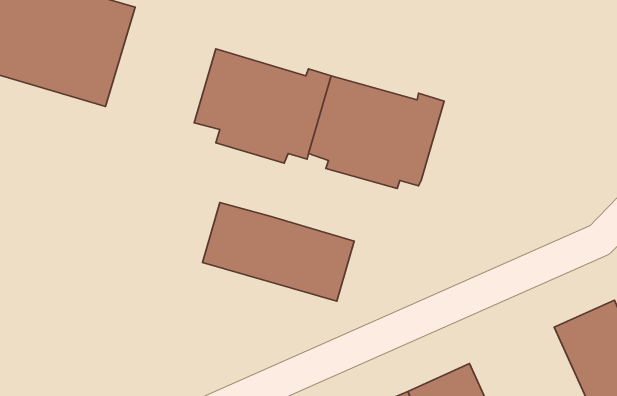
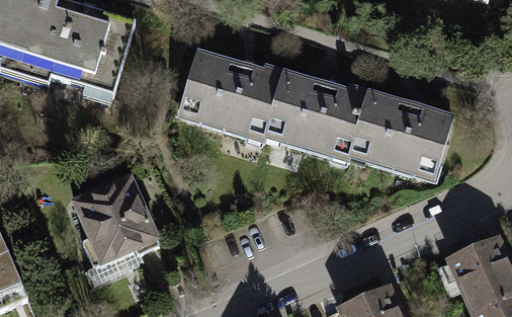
building: none -> [350,90,452,176]
building: [202,203,354,301] -> none
building: none -> [73,177,158,284]

